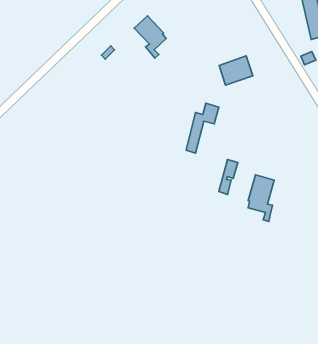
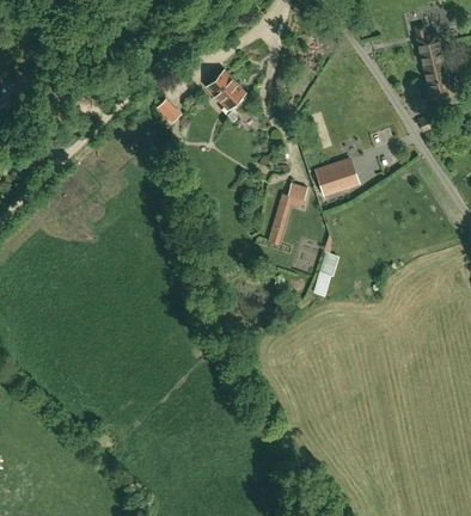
building: [219,56,253,85] -> [314,158,357,195]
building: [248,175,274,221] -> none

